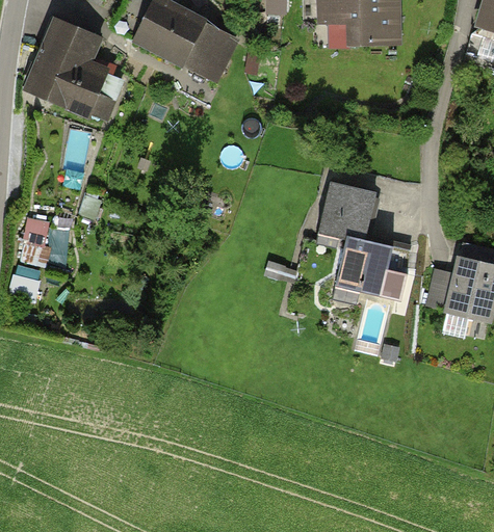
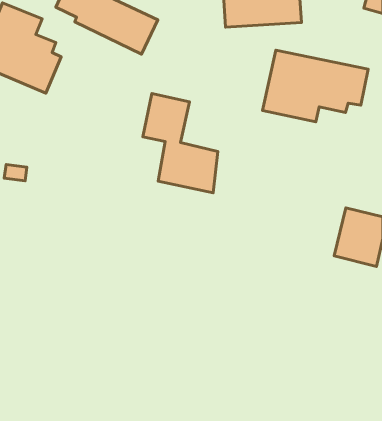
building: none -> [263,50,368,122]
building: [321,183,408,297] -> [143,94,218,193]

